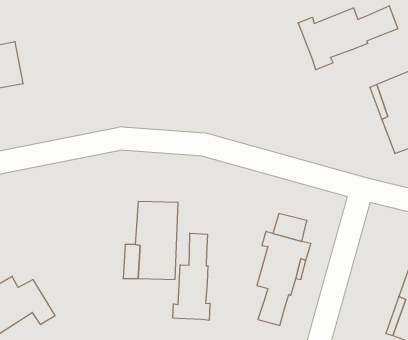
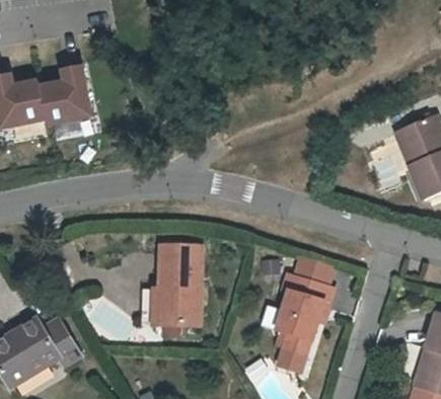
building: [298,6,398,70] -> none
building: none -> [40,69,94,132]
building: [173,233,210,320] -> none

